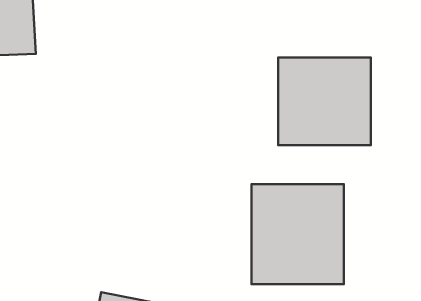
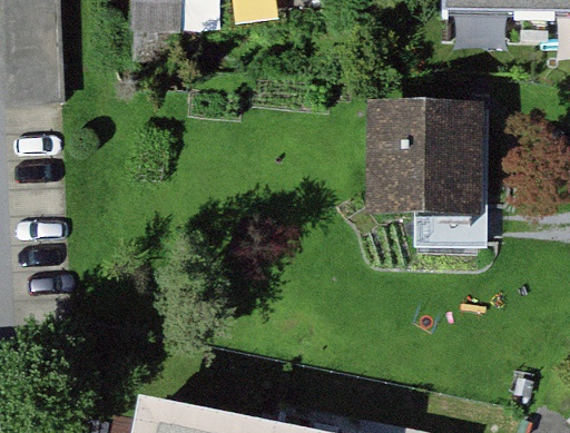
building: [252,184,344,284] -> none

